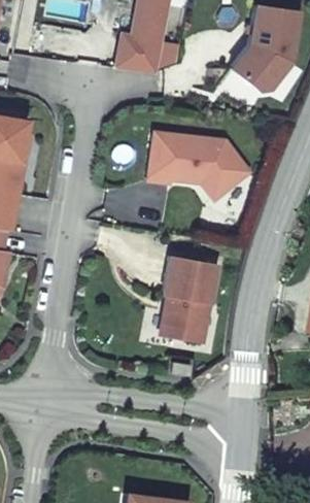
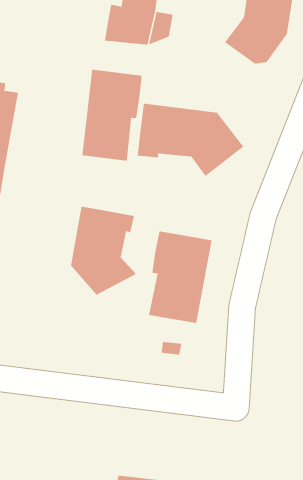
building: none -> [82,69,142,162]
building: none -> [70,206,137,296]

